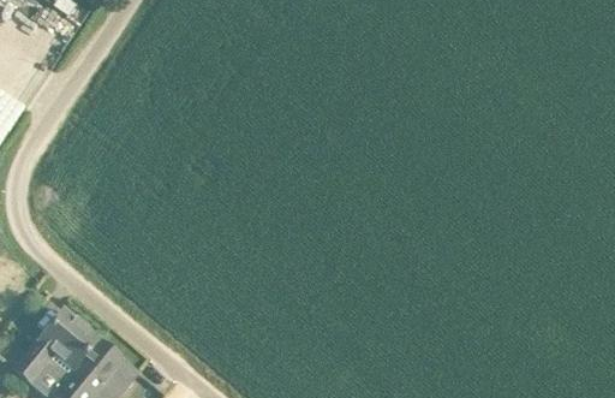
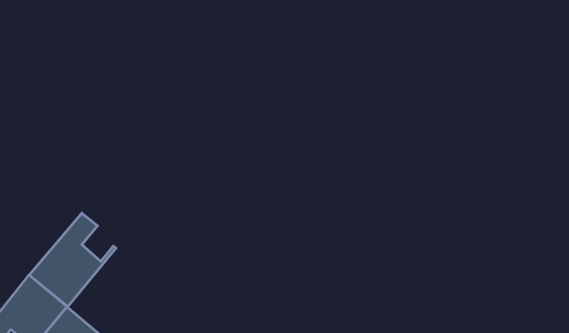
building: none -> [29,213,116,306]

